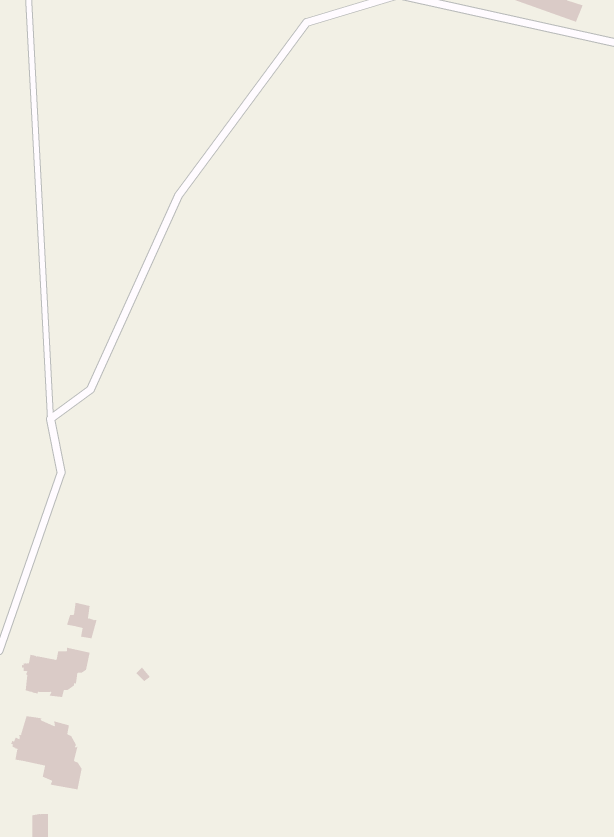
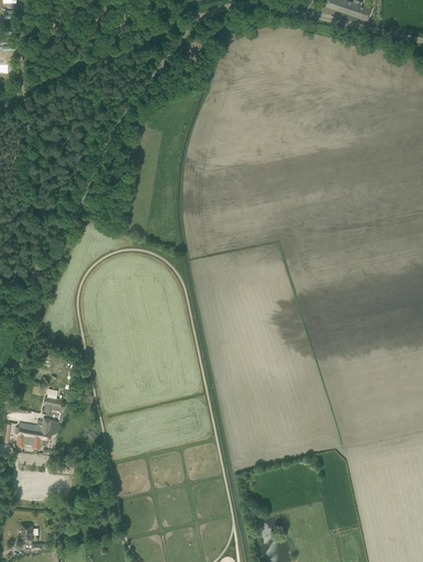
building: [10,715,82,790] -> none

